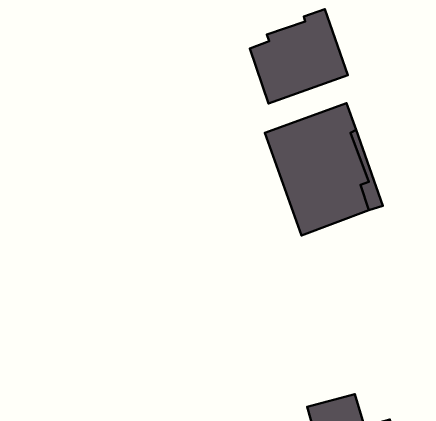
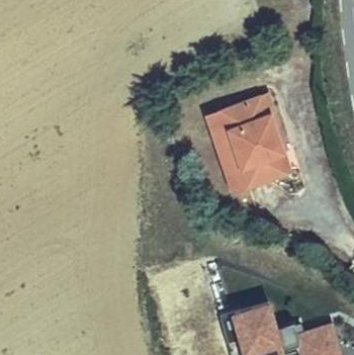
building: [250,9,348,104] -> none

